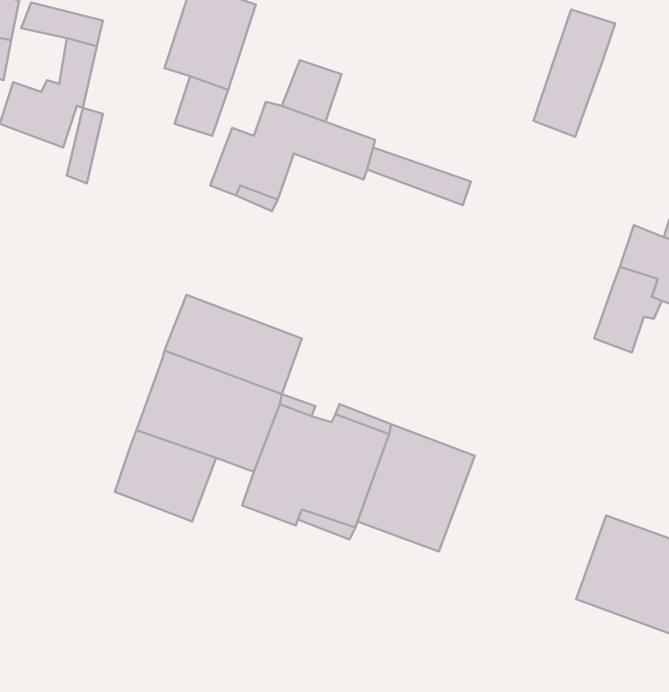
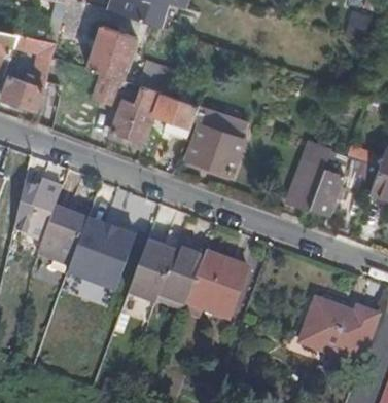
building: [534,10,615,137] -> [287,142,329,208]
building: none -> [188,123,241,172]
building: none -> [12,180,85,263]

